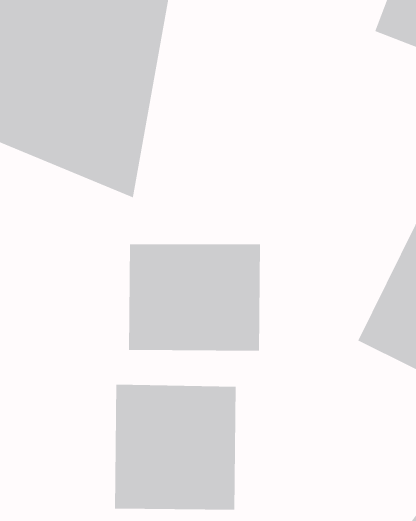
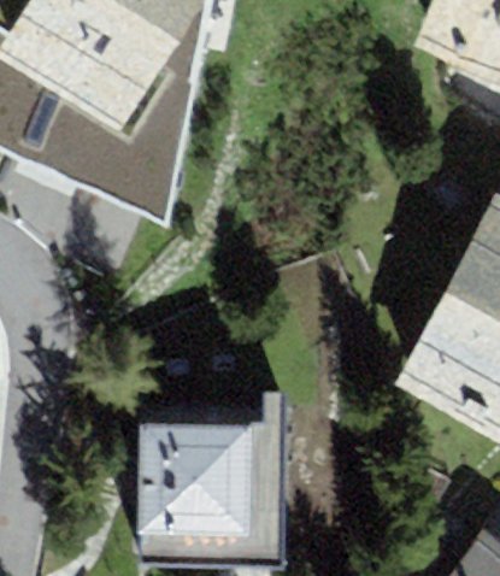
building: [128,243,261,352] -> none

